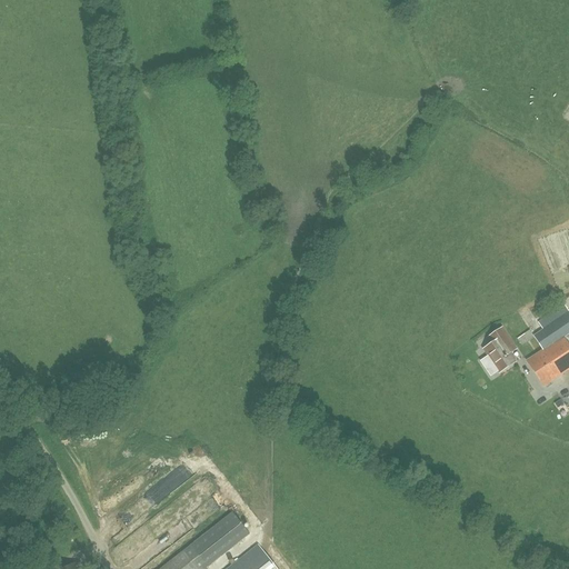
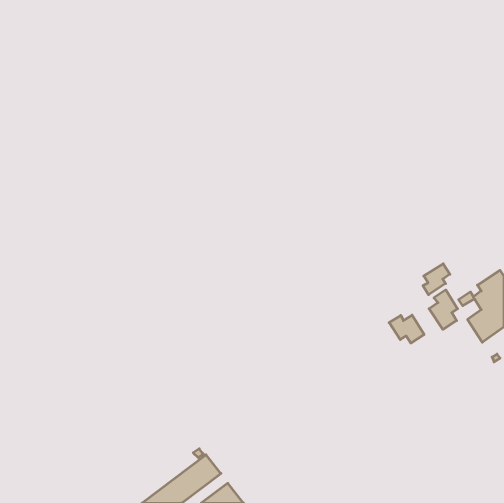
building: none -> [423,264,450,295]
building: none -> [389,315,424,343]

